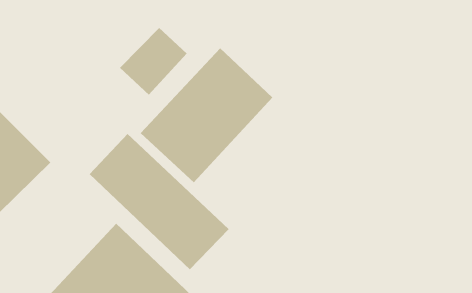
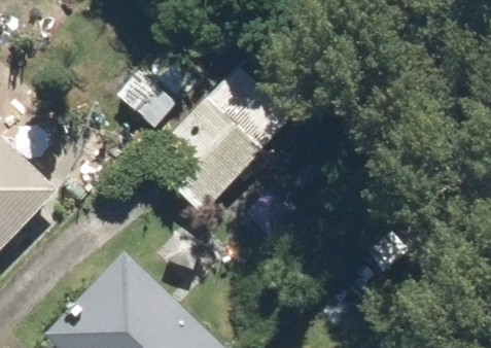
building: [89,133,229,270] -> none

